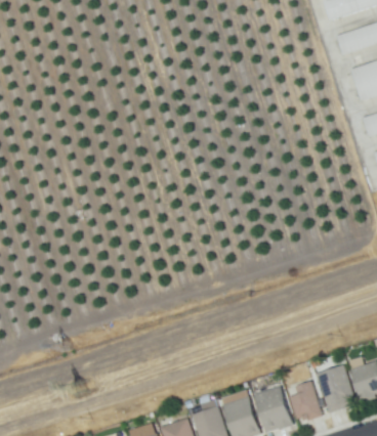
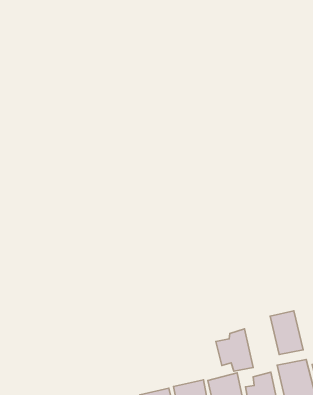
building: none -> [270,311,303,354]
building: none -> [216,329,253,371]

